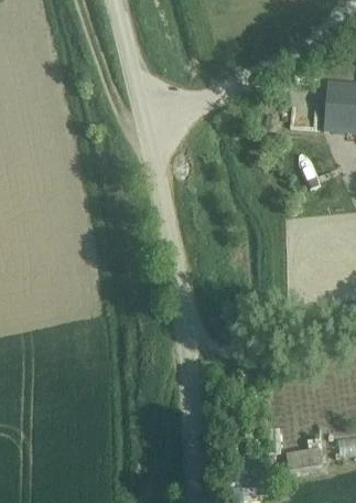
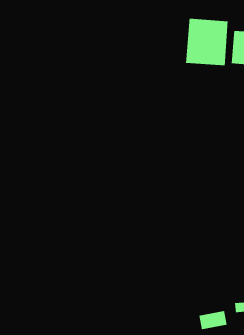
building: none -> [185,18,228,66]

